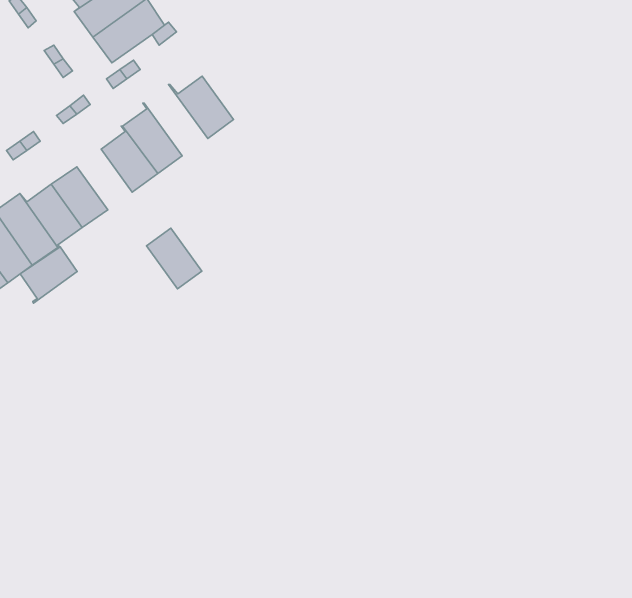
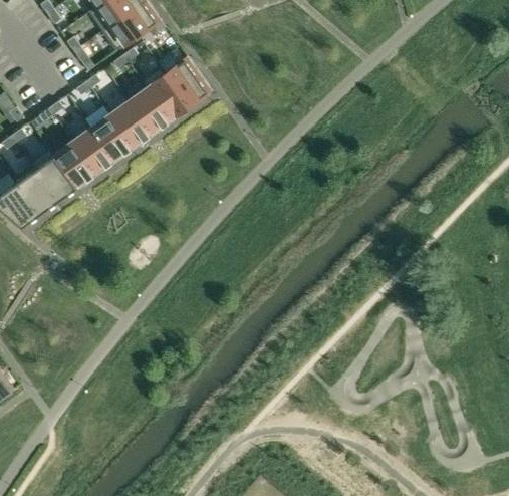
building: none -> [142,66,189,119]
building: [147,228,202,289] -> [91,114,133,160]
building: [20,247,77,303] -> none

